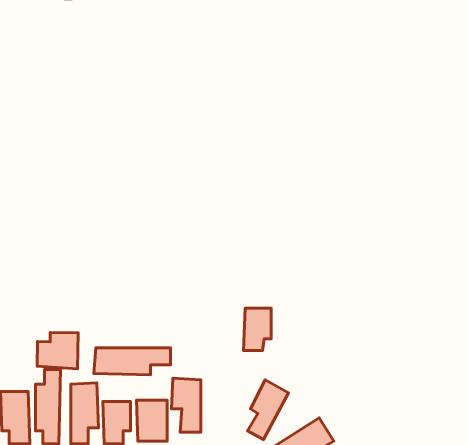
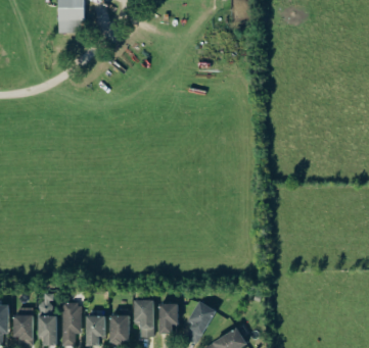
building: [244,308,271,351] -> [158,303,178,333]
building: [37,332,78,369] -> none
building: [94,348,171,375] -> none

